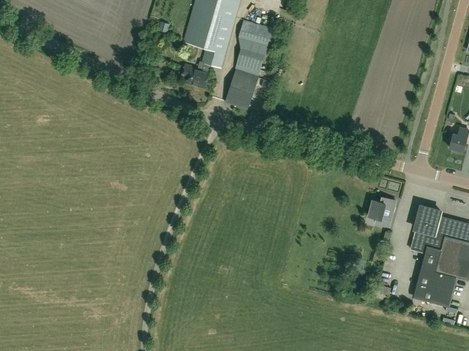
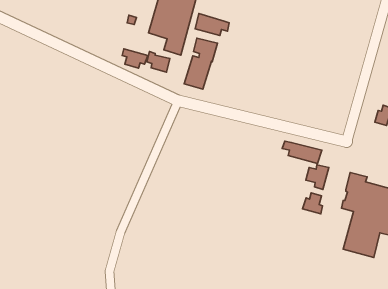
building: none -> [122,49,148,68]
building: none -> [282,141,322,163]
building: none -> [303,193,323,214]

